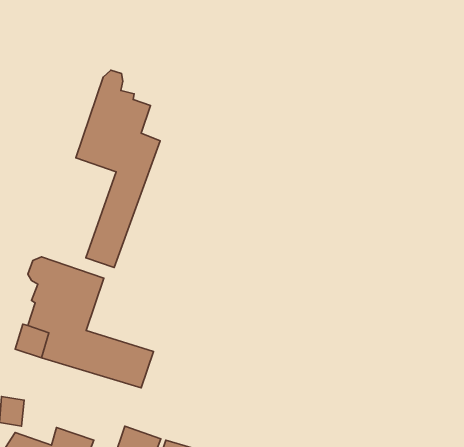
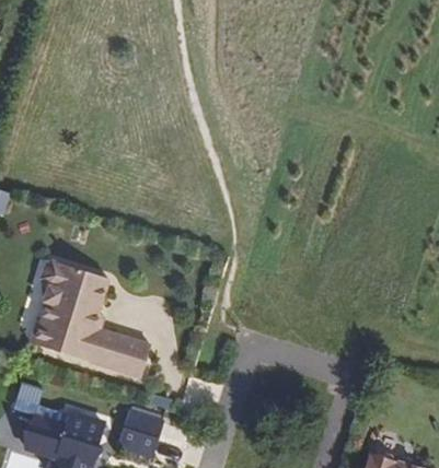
building: [76,70,160,267] -> none

